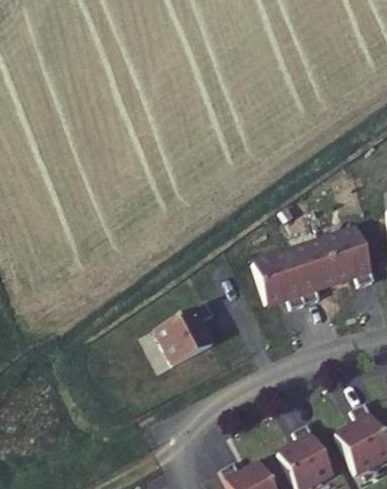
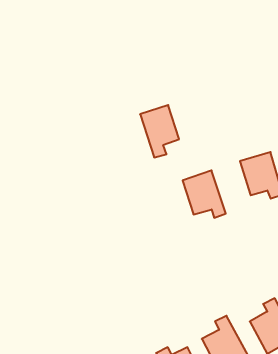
building: [289,239,337,302] -> [140,105,179,157]
building: [158,303,217,366] -> none

